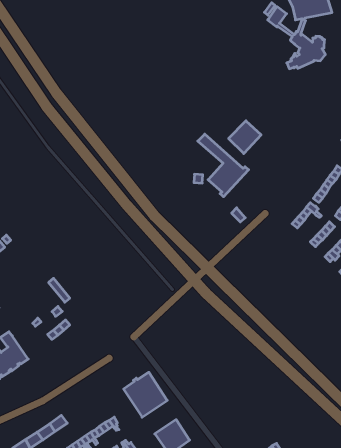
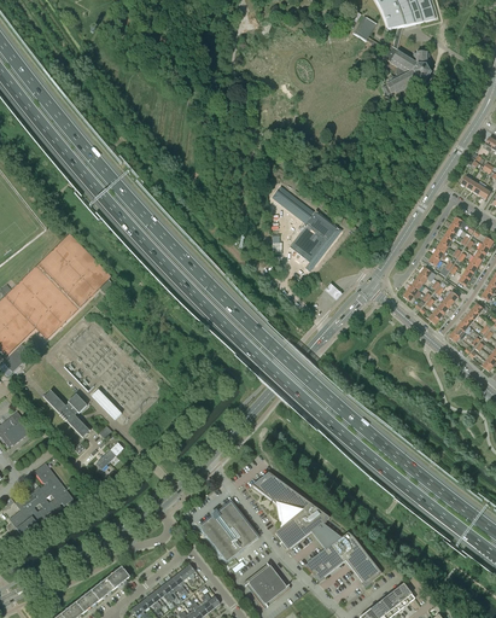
building: [229,121,261,154] -> none
building: none -> [42,390,89,437]
building: none -> [252,472,381,587]

